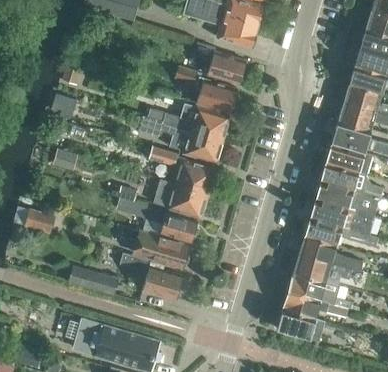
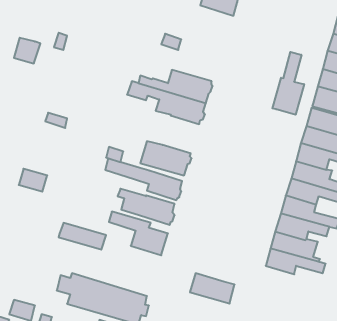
building: [193,42,244,83] -> none
building: [196,76,236,112] -> none
building: none -> [272,52,304,115]
building: [48,92,76,119] -> [14,38,40,63]
building: [148,146,212,192] -> none
building: [278,310,325,342] -> [190,273,235,304]

